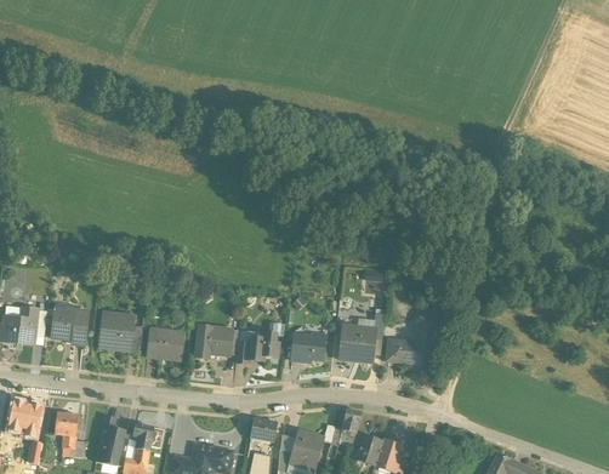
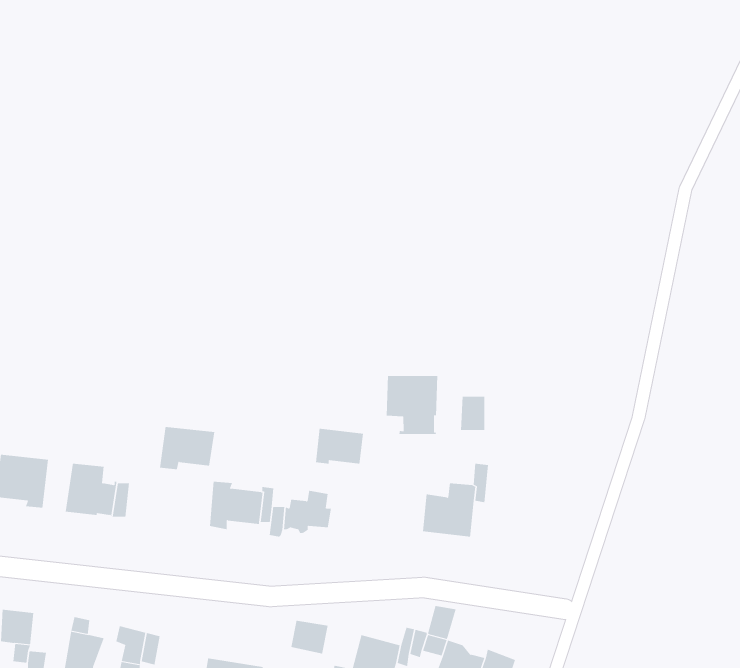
building: none -> [386,375,438,435]
building: [386,319,432,365] -> none
building: [146,330,183,359] -> [159,426,215,470]
building: [291,336,324,360] -> [315,428,364,464]

